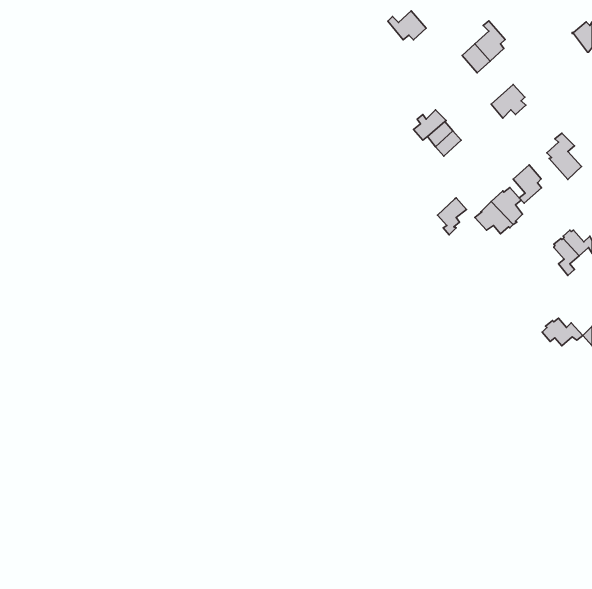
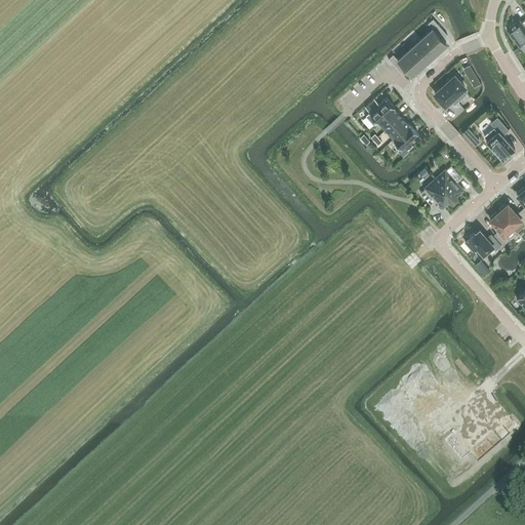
building: [388,11,426,40] -> [389,51,422,77]
building: [513,165,541,203] -> none
building: [437,198,466,235] -> [393,125,418,158]
building: [542,318,583,346] -> [466,232,501,256]

